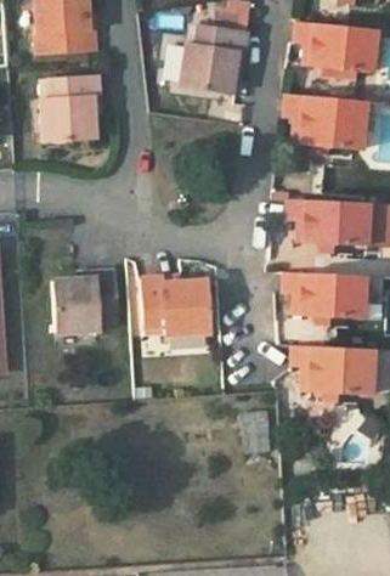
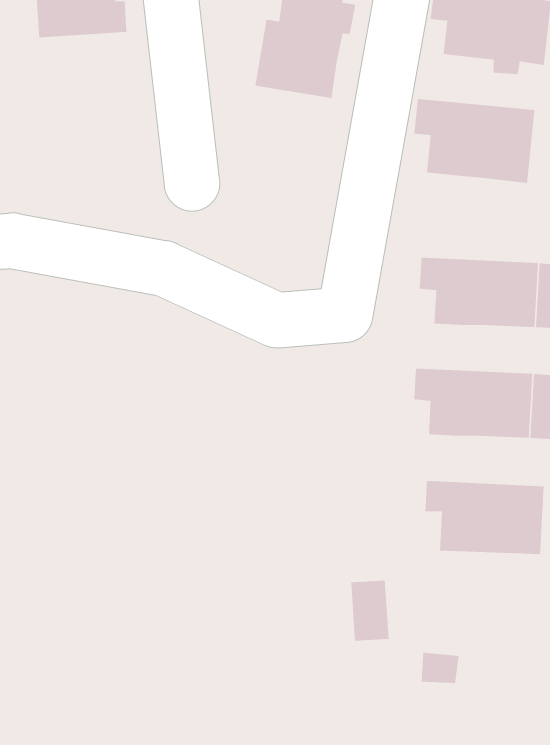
building: [41,75,98,142] -> none
building: [52,271,119,333] -> none
building: [141,277,210,335] -> none

